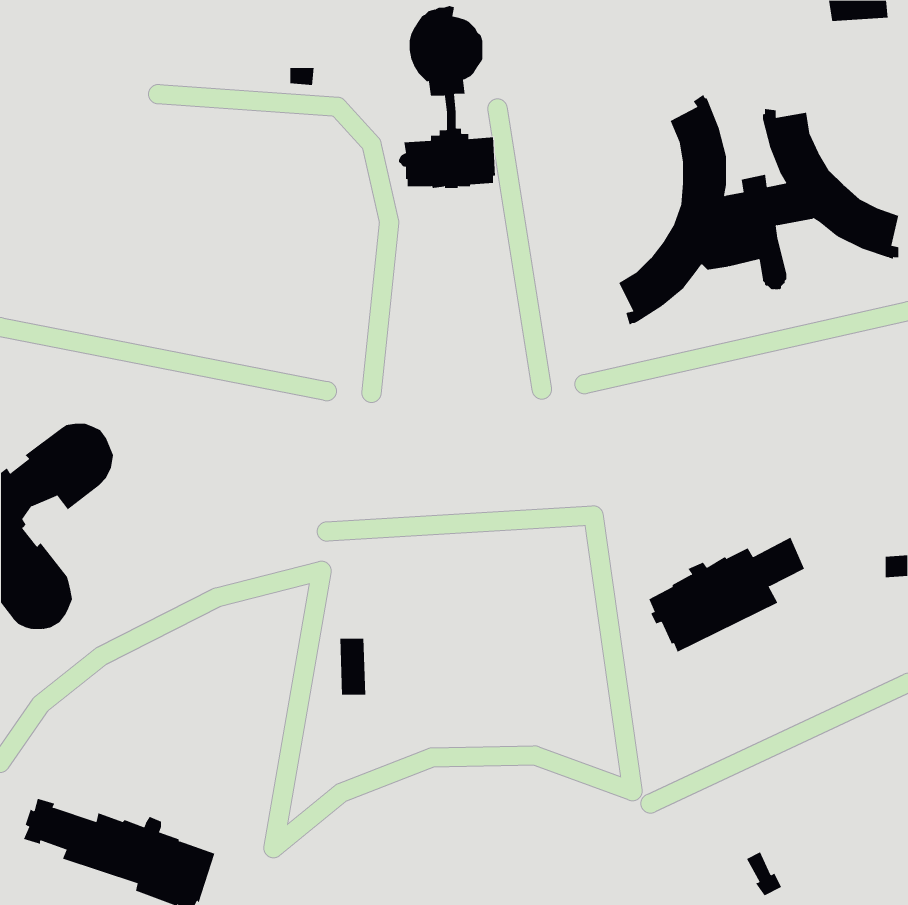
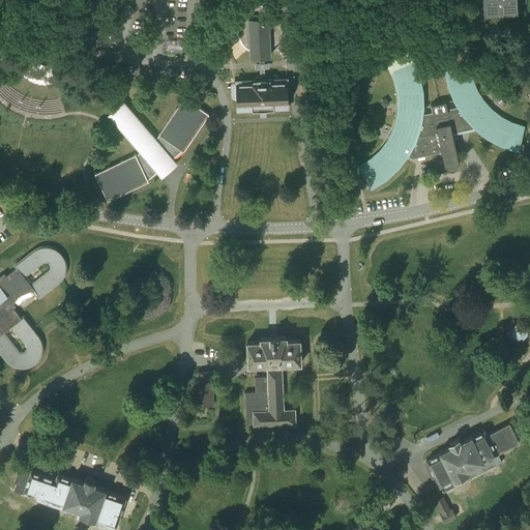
building: none -> [94,99,209,203]
building: [649,537,805,652] -> [426,425,518,493]
building: none -> [244,337,300,426]

